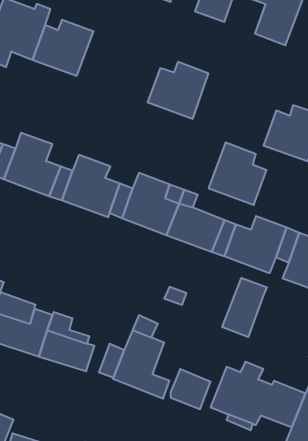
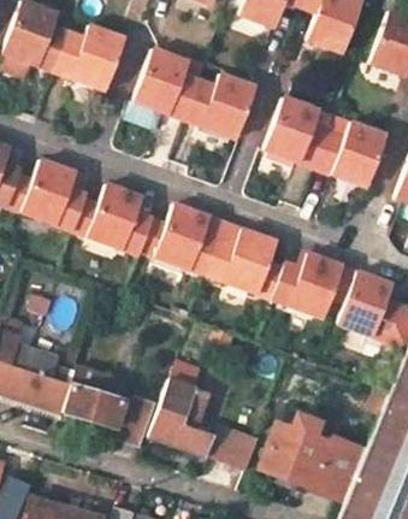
building: none -> [124,51,208,132]
building: [209,143,267,205] -> [267,99,333,170]
building: [222,278,267,337] -> none

